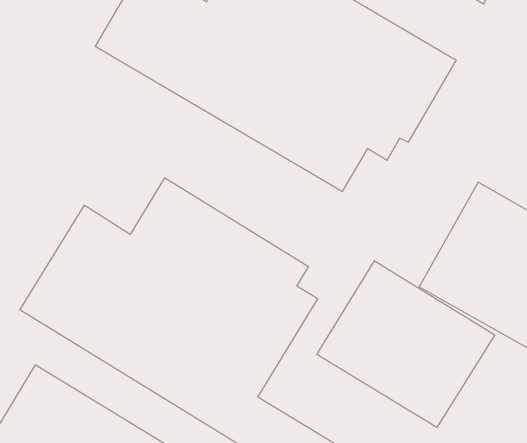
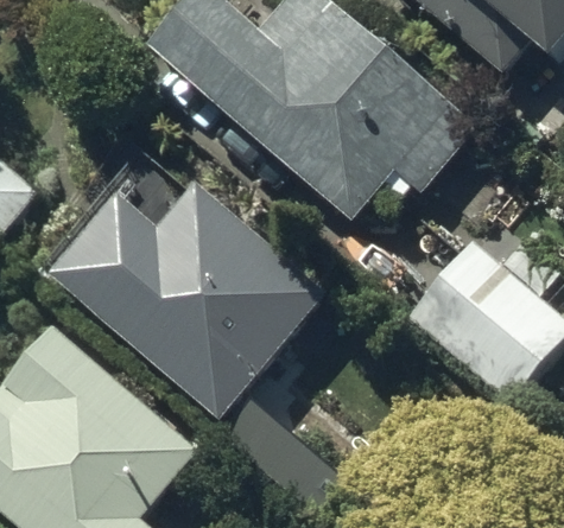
building: [317,261,495,427] -> none

